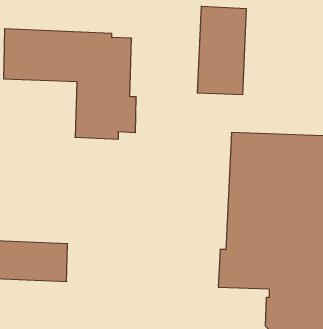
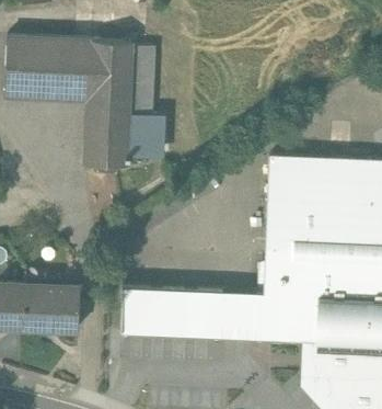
building: [198,6,246,95] -> none
building: none -> [121,288,257,338]

